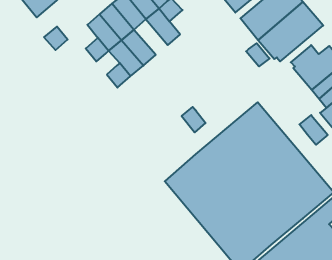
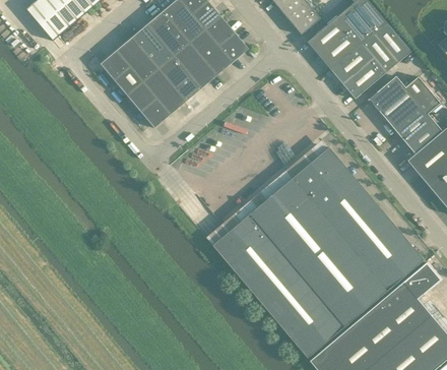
building: none -> [219,32,249,62]
building: none -> [175,43,217,87]
building: [44,27,68,50] -> [101,50,130,79]
building: [246,43,270,66] -> none
building: none -> [128,82,157,112]
building: [182,107,206,132] -> none
building: [299,115,328,145] -> none

